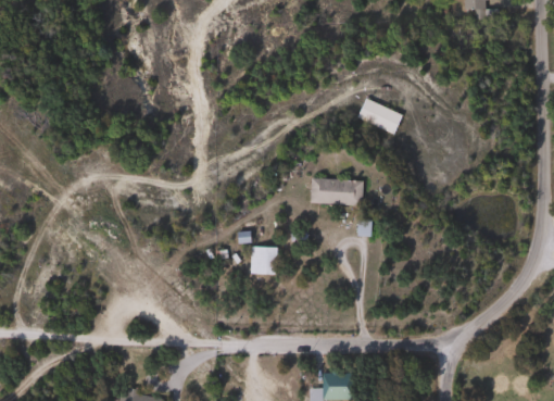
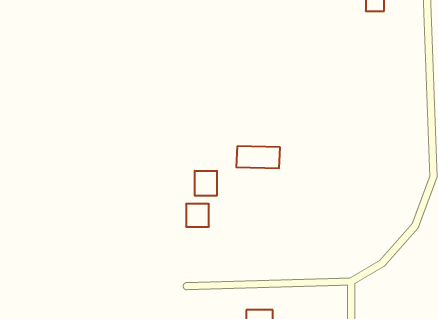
building: [357,98,403,134] -> none
building: none -> [195,171,217,196]

